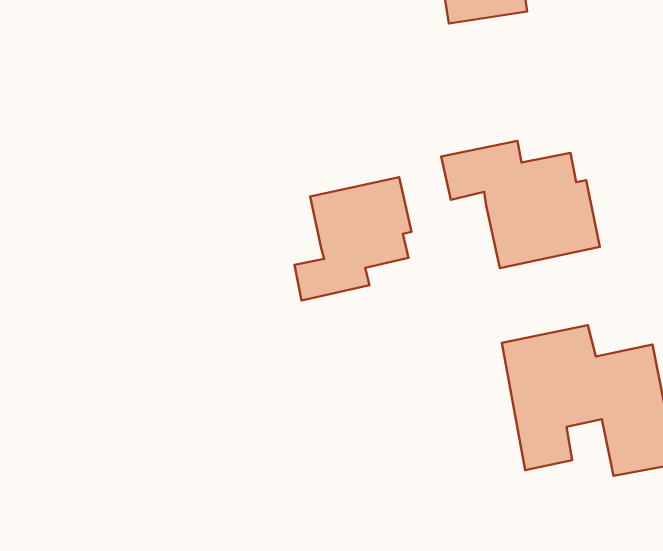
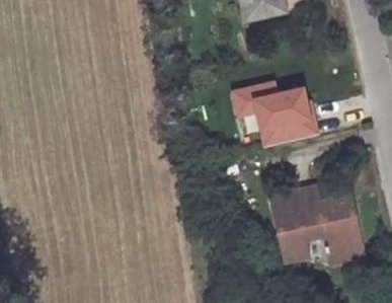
building: [294,177,412,301] -> none

